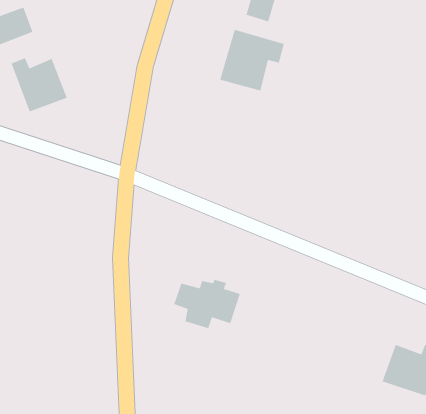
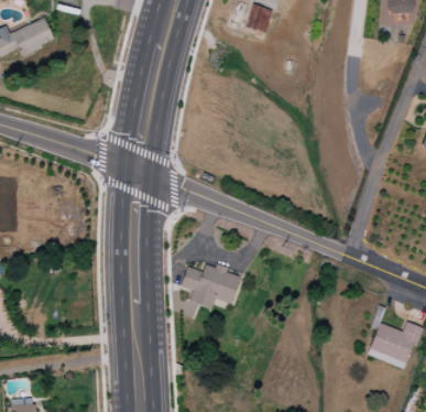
building: [219,29,285,92] -> none
building: [11,57,68,112] -> none

